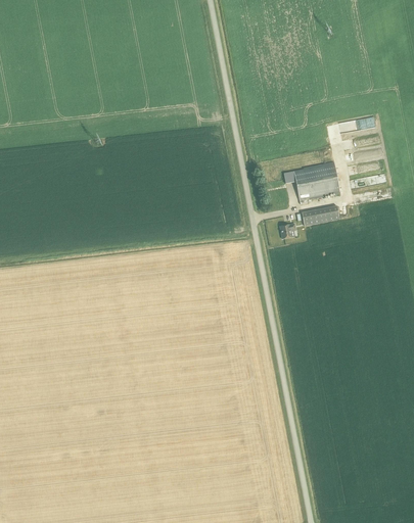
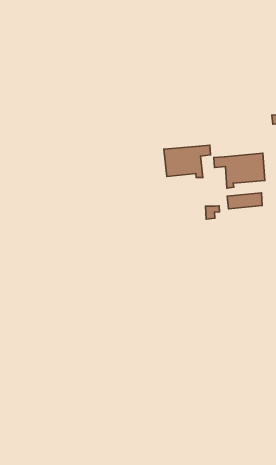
building: none -> [164,145,211,178]

